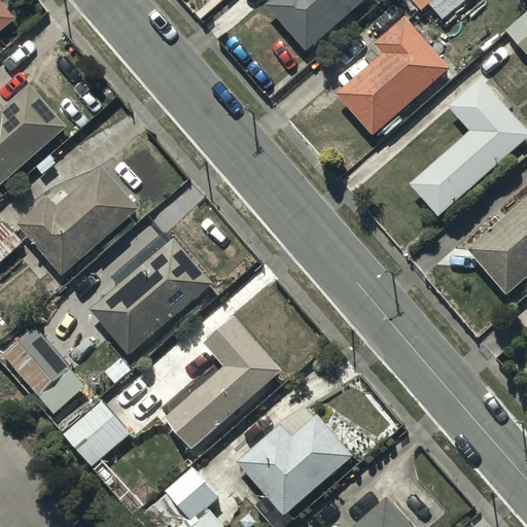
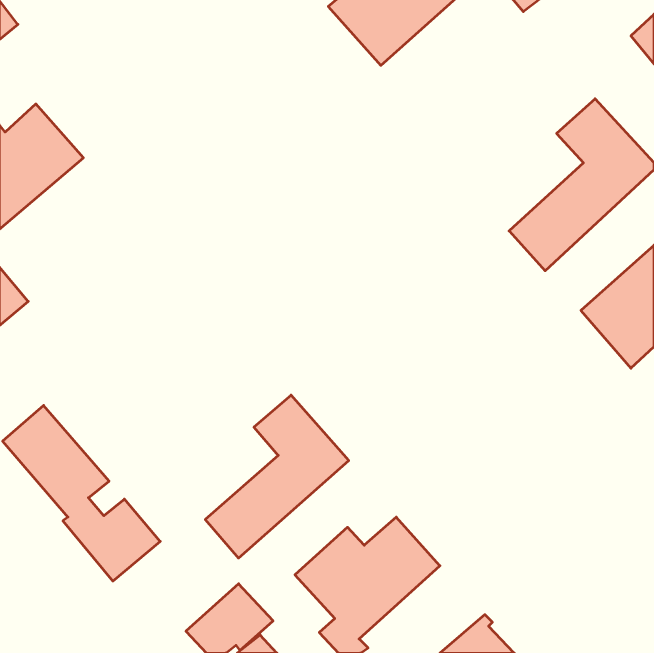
building: [336,17,449,136] -> none
building: [16,167,137,275] -> none
building: [91,238,213,355] -> none

